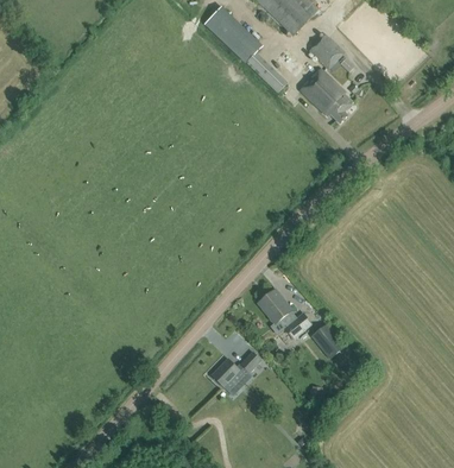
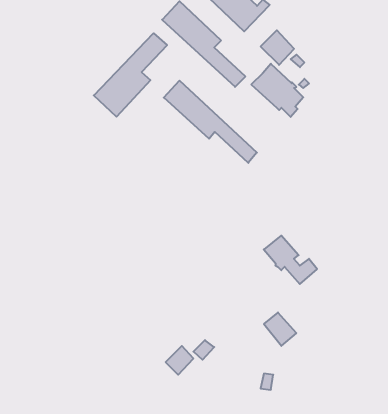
building: none -> [94,33,167,117]
building: none -> [164,81,257,163]
building: [256,290,310,340] -> [264,236,317,284]

